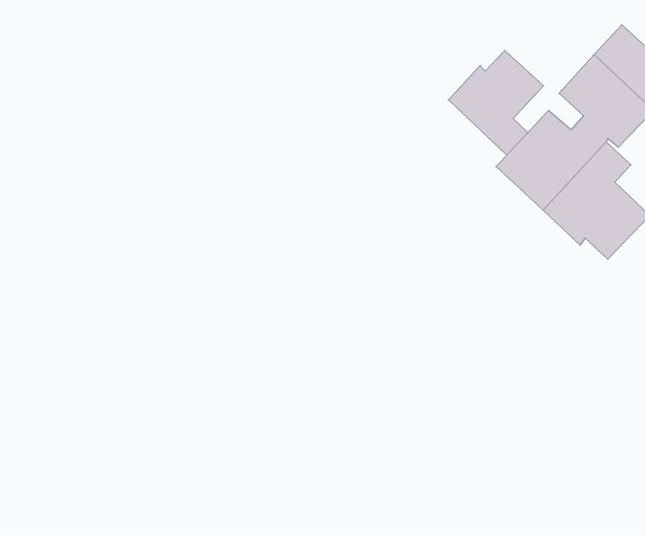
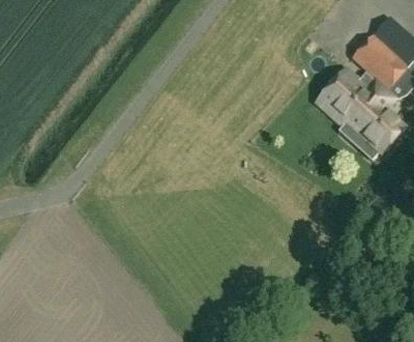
building: [449,51,543,155] -> none

